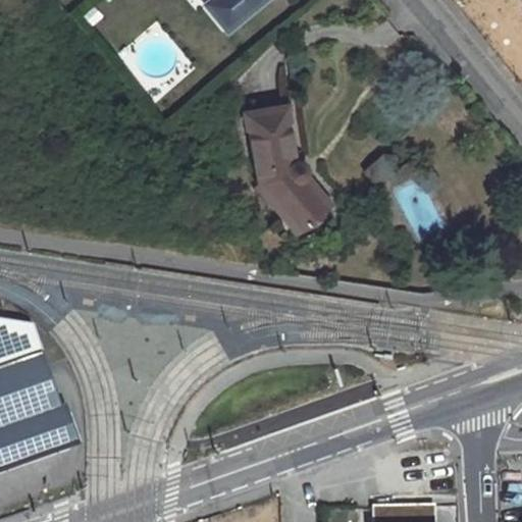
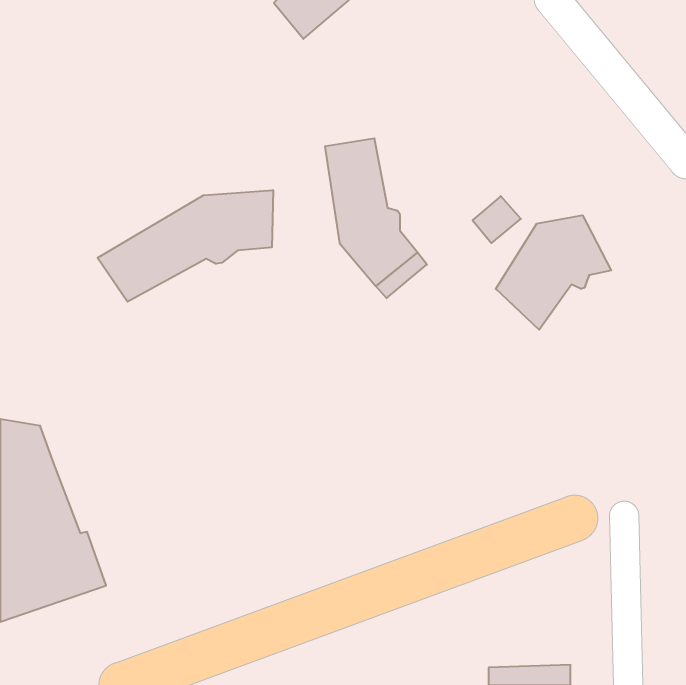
building: none -> [98,190,273,302]
building: none -> [496,215,611,330]

